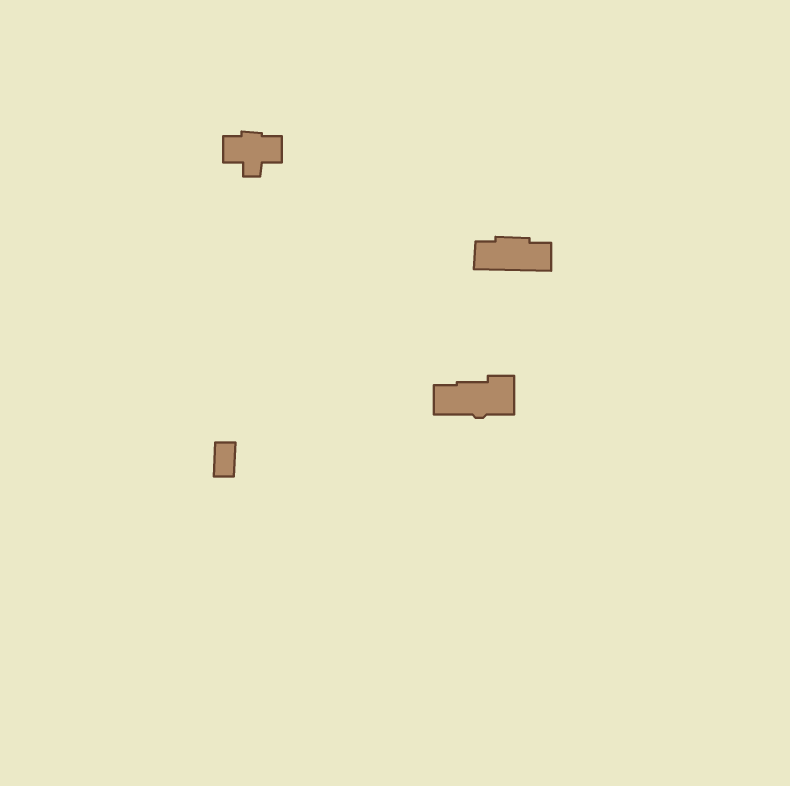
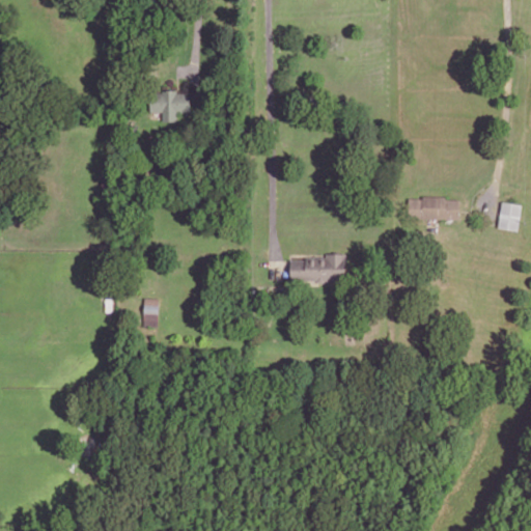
building: [474,237,551,271] -> [408,197,459,220]
building: none -> [498,202,522,231]

